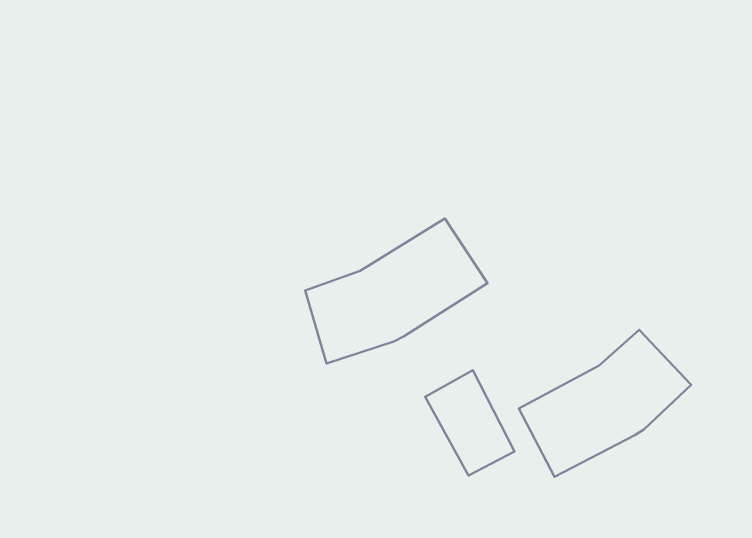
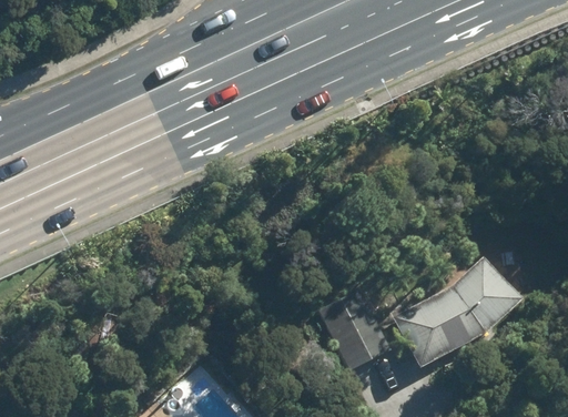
building: [305,218,487,364] -> none

